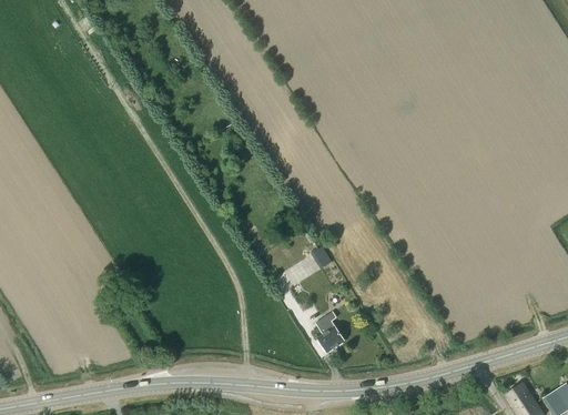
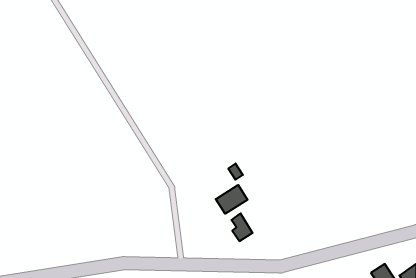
building: none -> [216,185,248,214]

